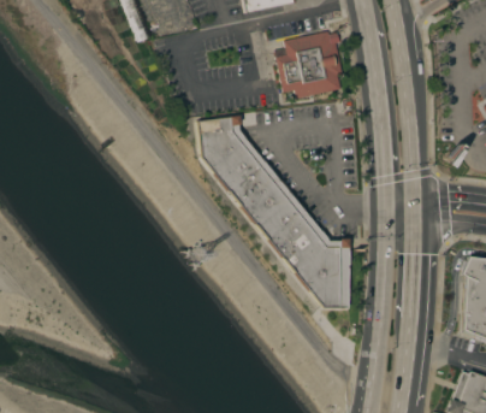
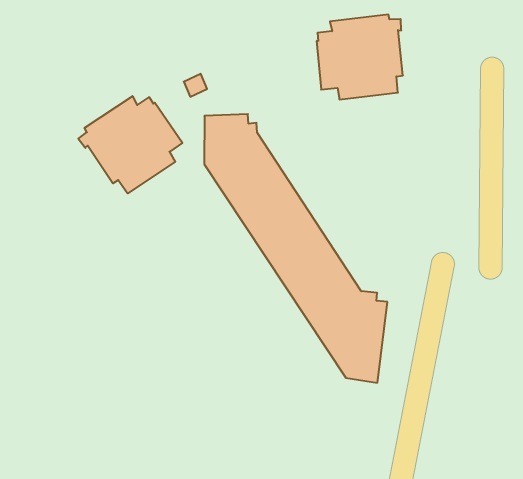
building: none -> [78,96,182,193]

